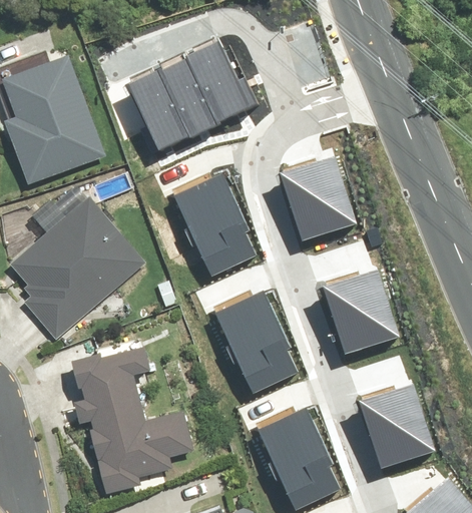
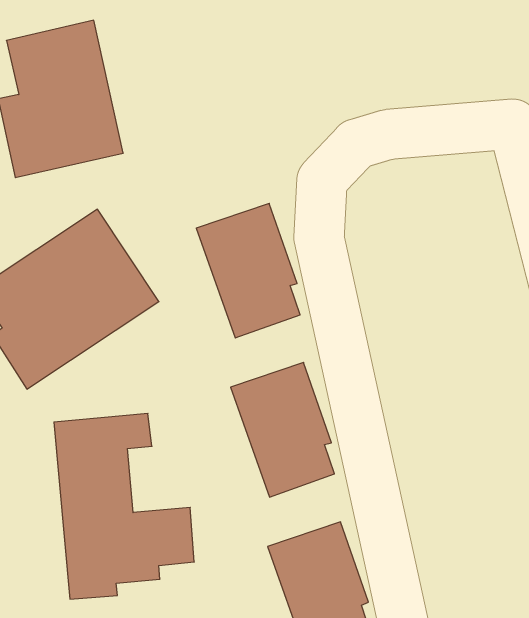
building: [125,34,253,148] -> none
building: [278,153,353,236] -> none
building: [319,274,395,357] -> none
building: [354,383,430,466] -> none

